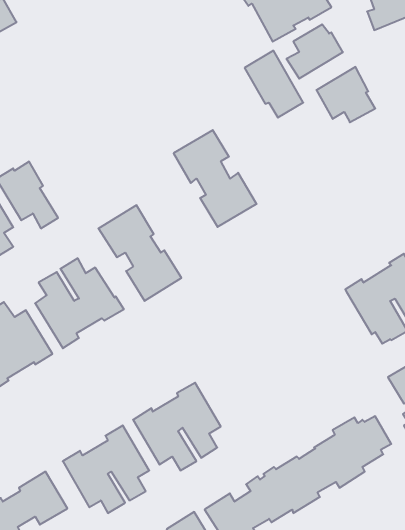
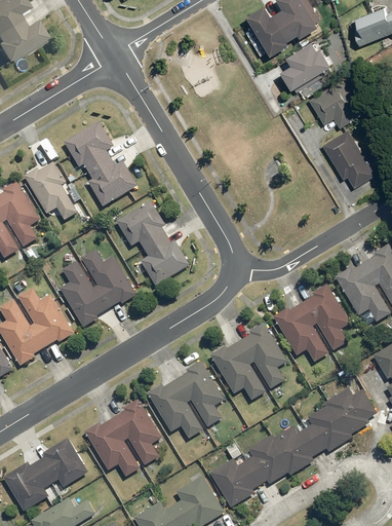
building: [245,51,303,118] -> [323,129,376,189]
building: [174,130,257,227] -> [64,122,138,209]
building: none -> [272,285,349,363]
building: none -> [209,323,286,400]

